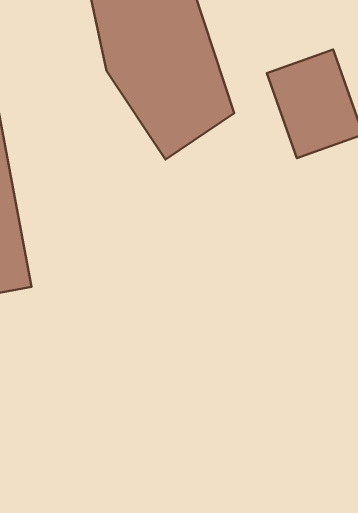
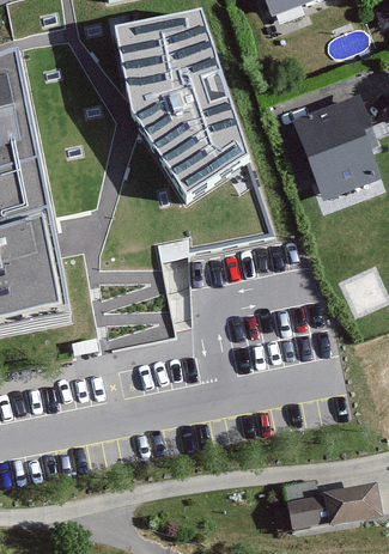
building: none -> [275,479,369,526]

